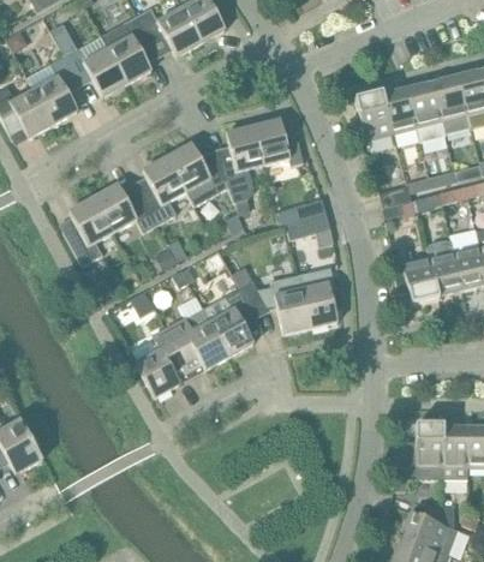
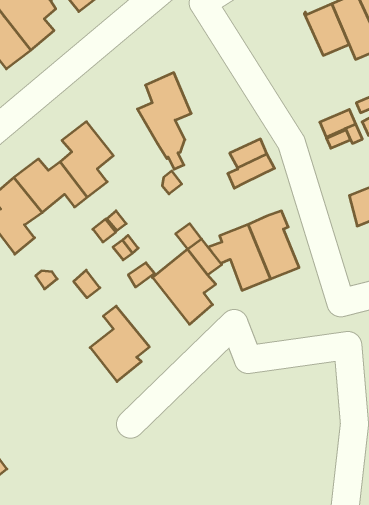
building: [354,91,392,139] -> none
building: [253,118,304,165] -> none
building: [167,142,228,205] -> none
building: [166,307,229,370] -> none

